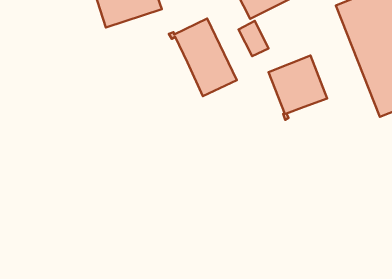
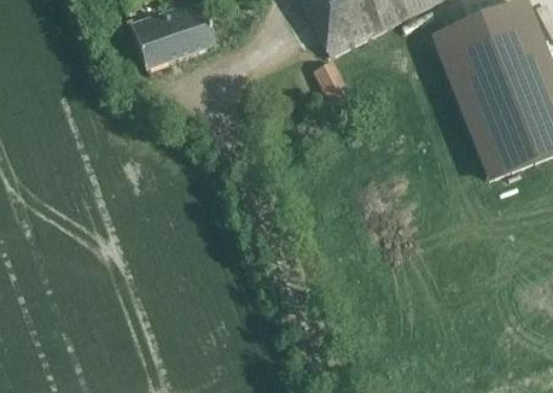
building: [169,18,237,96] -> none
building: [268,55,327,120] -> none

